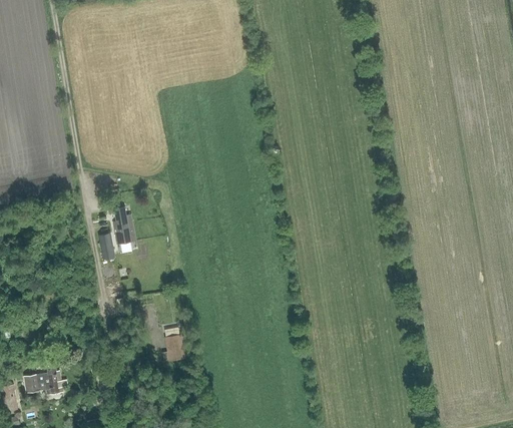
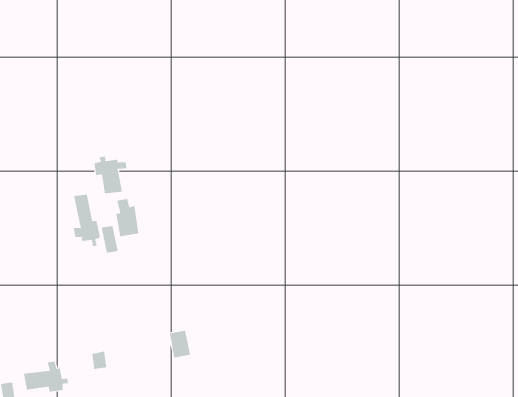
building: none -> [94,156,127,194]
building: none -> [73,194,101,247]

